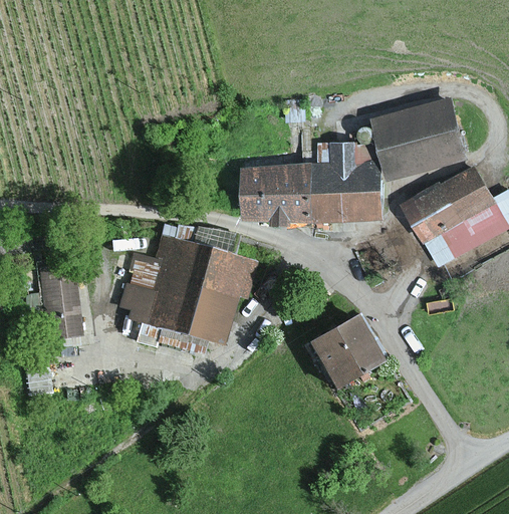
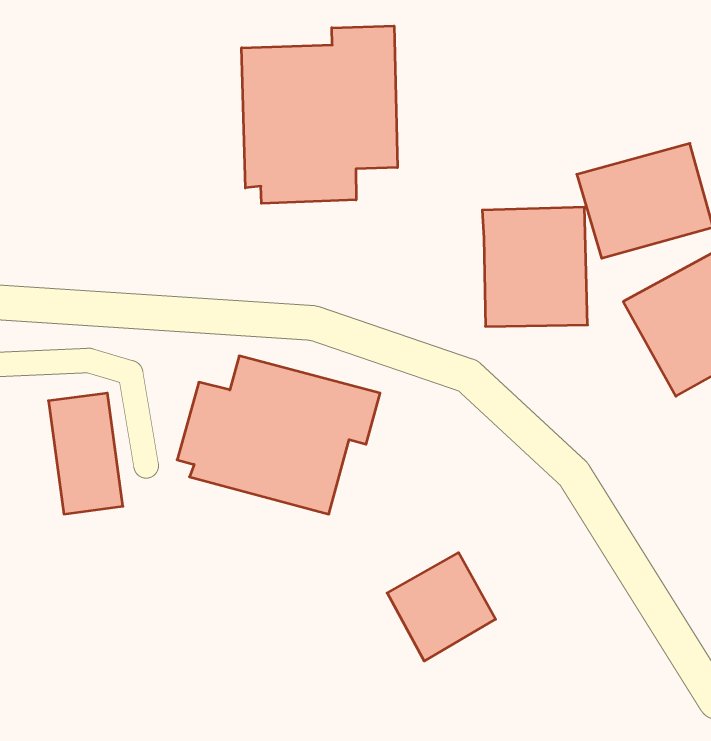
building: none -> [242,26,397,203]
building: [245,163,320,222] -> none
building: [307,318,377,389] -> [387,553,496,661]

